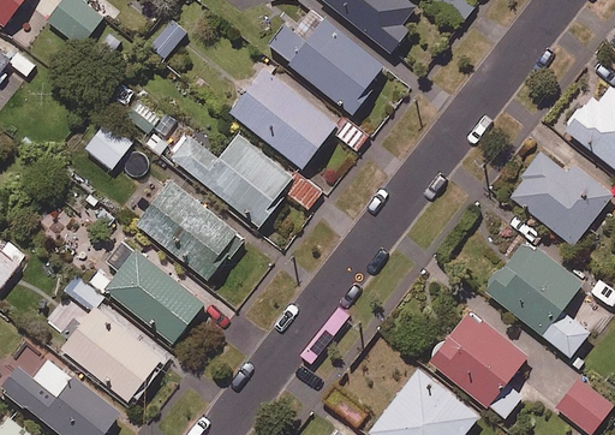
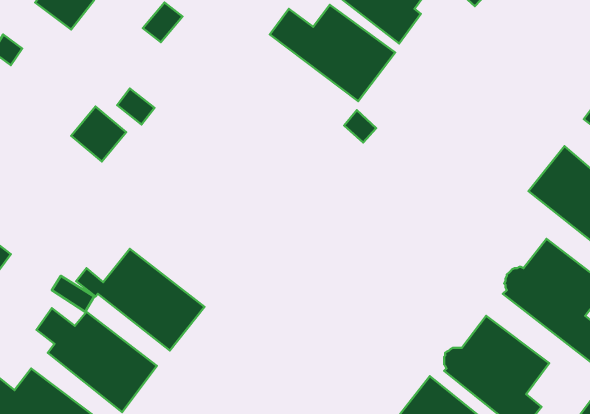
building: [231,68,336,168] -> none
building: [167,132,320,225] -> none
building: [137,180,240,279] -> none

